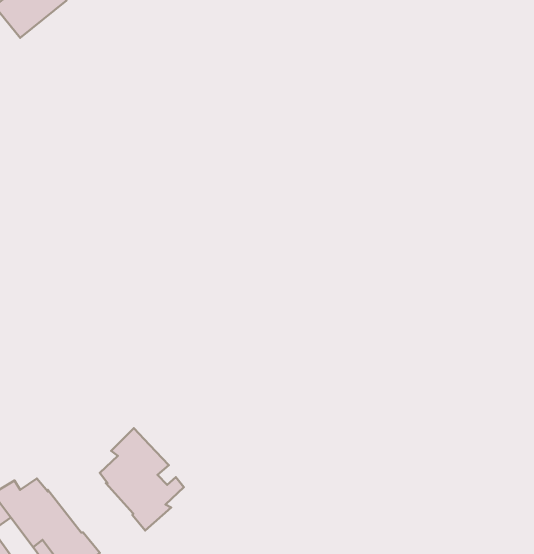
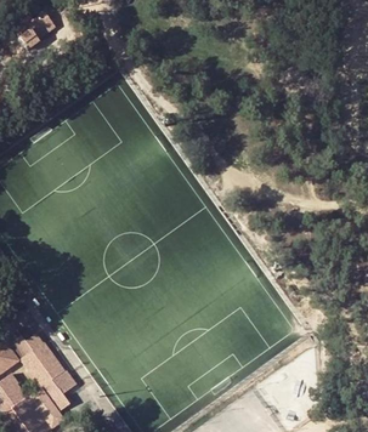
building: [100,428,184,530] -> none

